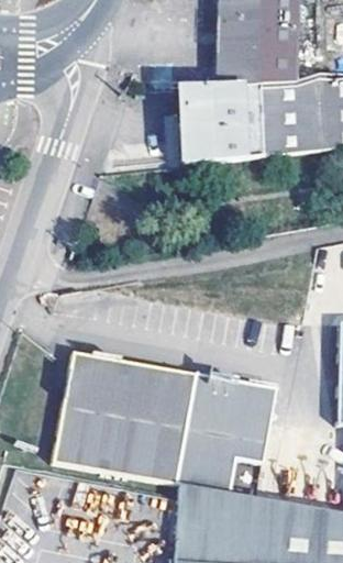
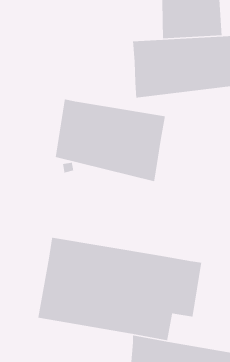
building: none -> [55,99,166,182]

